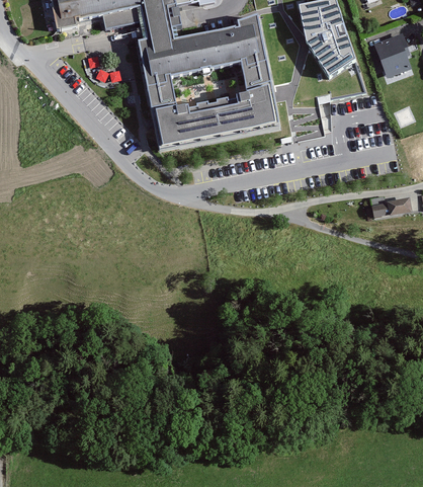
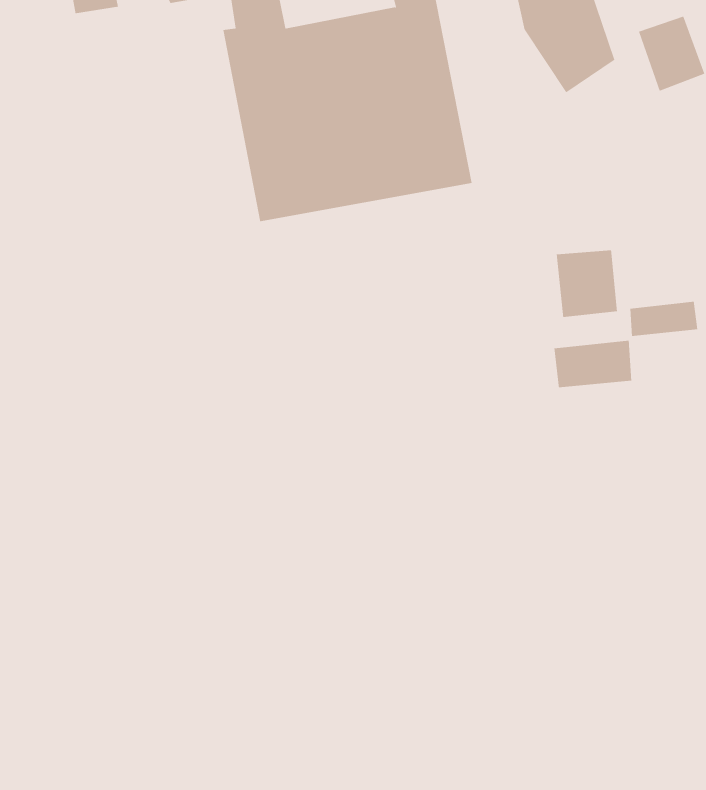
building: none -> [556,249,617,318]
building: none -> [554,340,632,388]

